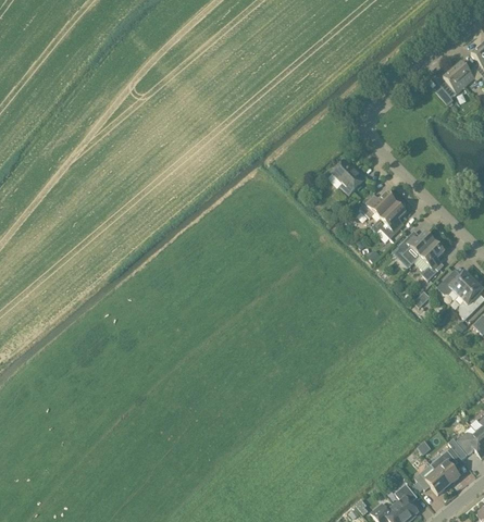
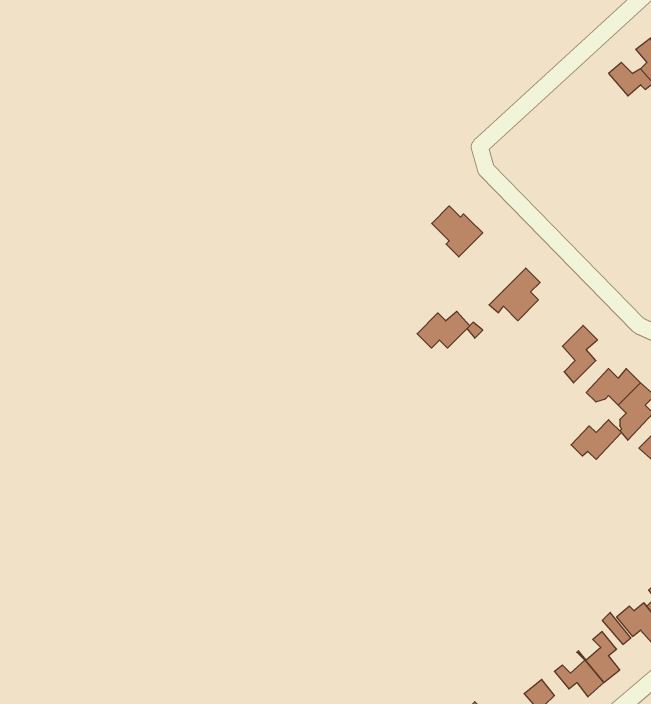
building: [436,69,466,104] -> none
building: [360,191,396,216] -> [417,311,470,348]
building: [398,231,435,256] -> none
building: none -> [571,420,621,459]

